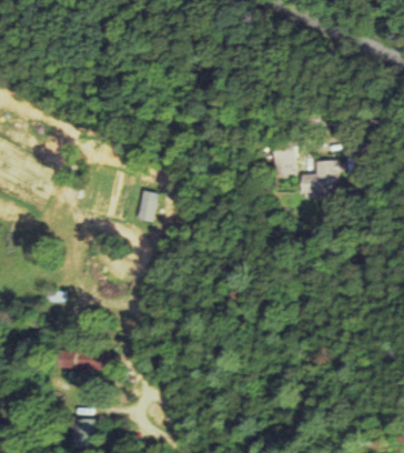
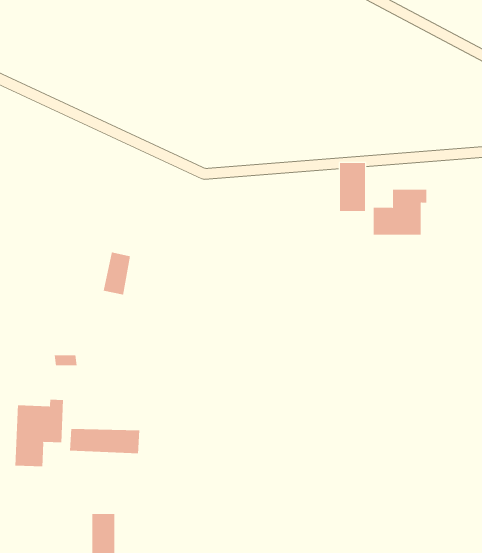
building: [135,191,158,225] -> [103,252,131,295]
building: none -> [15,399,64,467]

